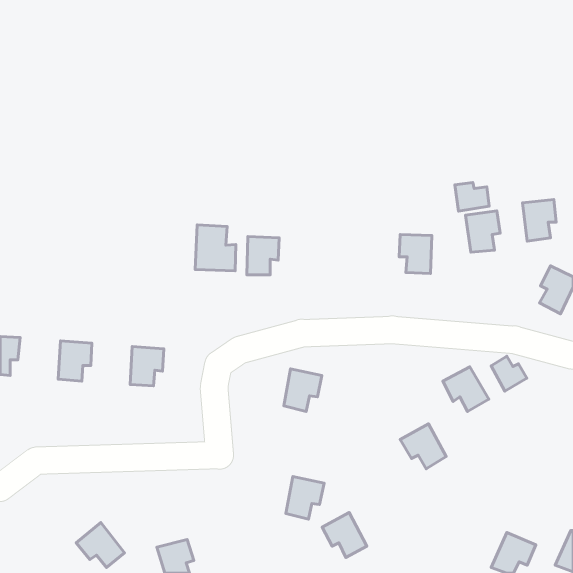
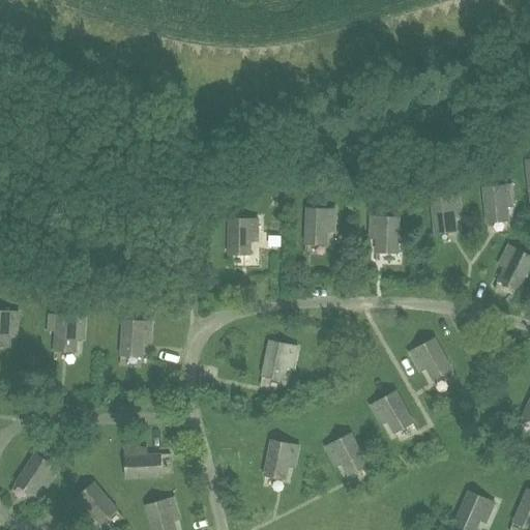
building: [455,182,489,211] -> none
building: [195,225,236,271] -> none
building: none -> [304,208,334,244]
building: [491,356,527,391] -> none
building: none -> [124,448,160,478]
building: none -> [16,453,59,495]
building: [322,513,367,557] -> [325,434,366,475]

